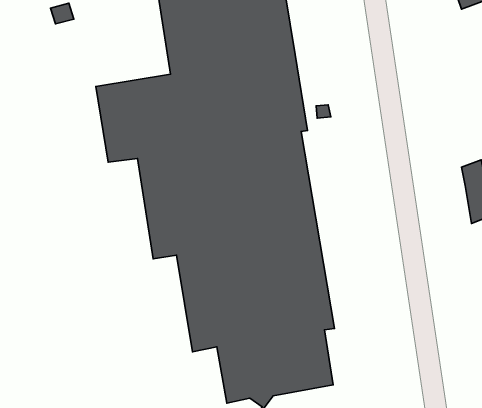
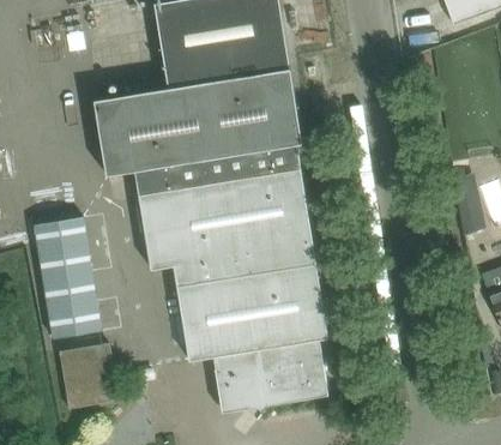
building: none -> [34,216,102,338]
building: none -> [60,342,119,409]

